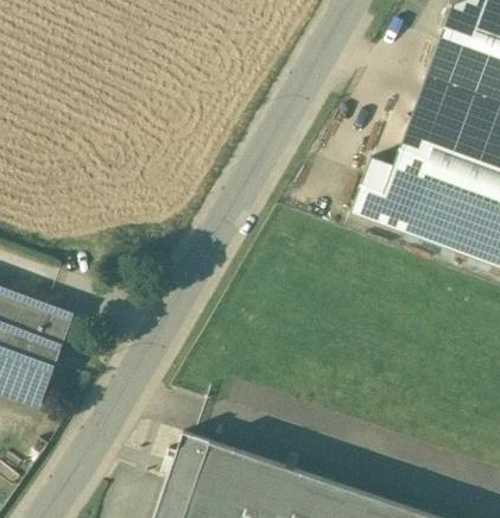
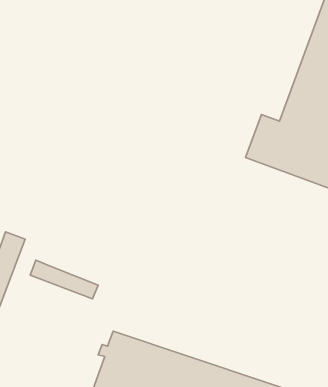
building: none -> [30,260,98,299]

